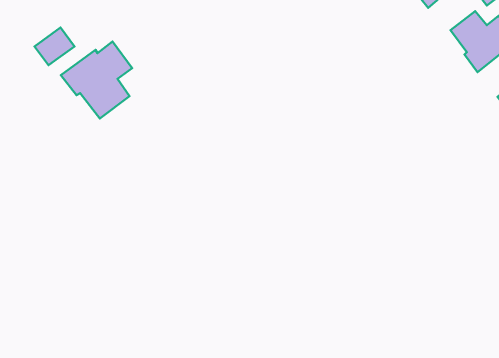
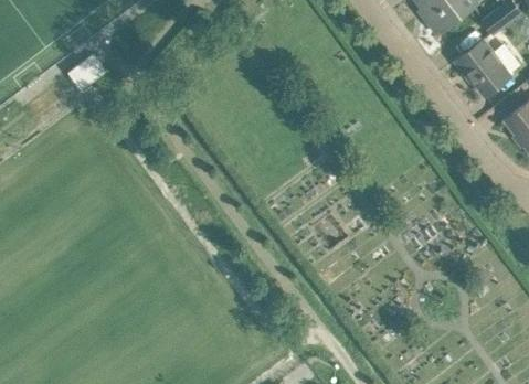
building: [61,41,132,119] -> none

